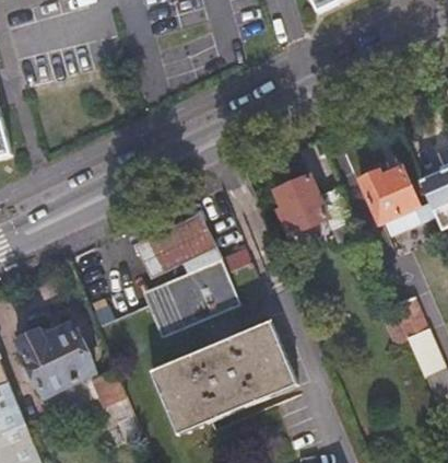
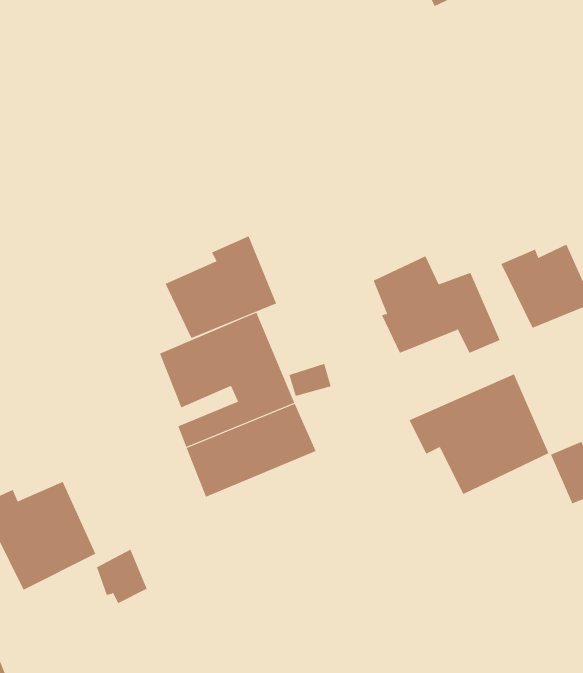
building: none -> [165,236,277,339]
building: none -> [409,374,549,495]
building: [153,323,294,433] -> none

